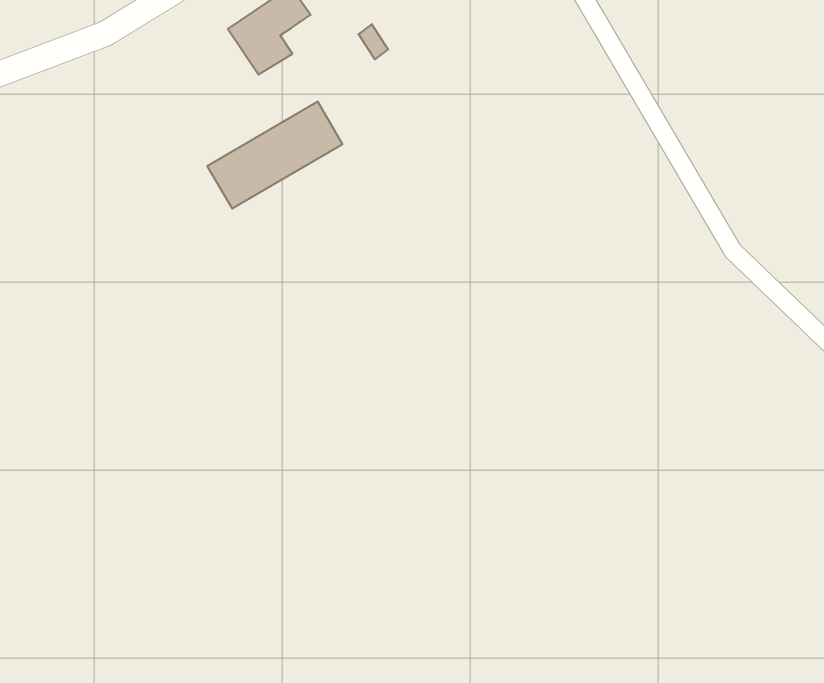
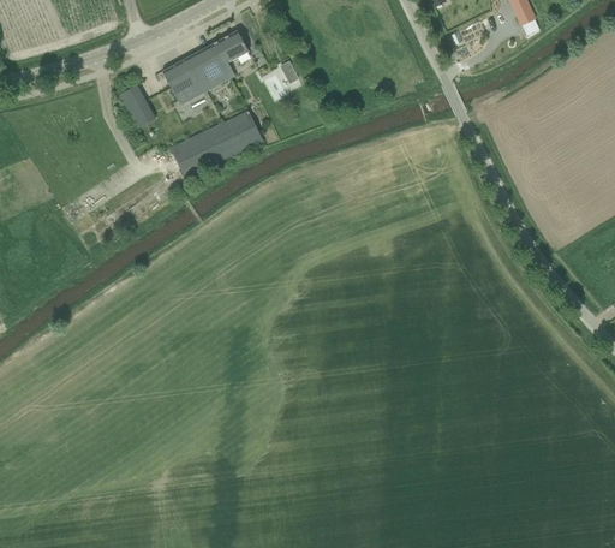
building: none -> [162,55,210,105]
building: none -> [120,85,155,127]

